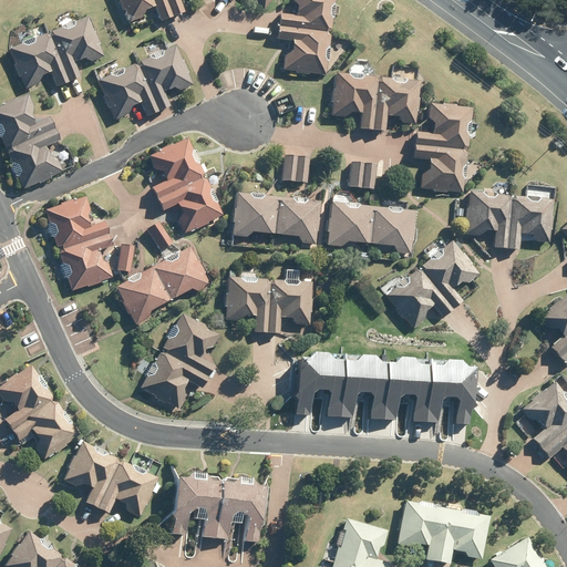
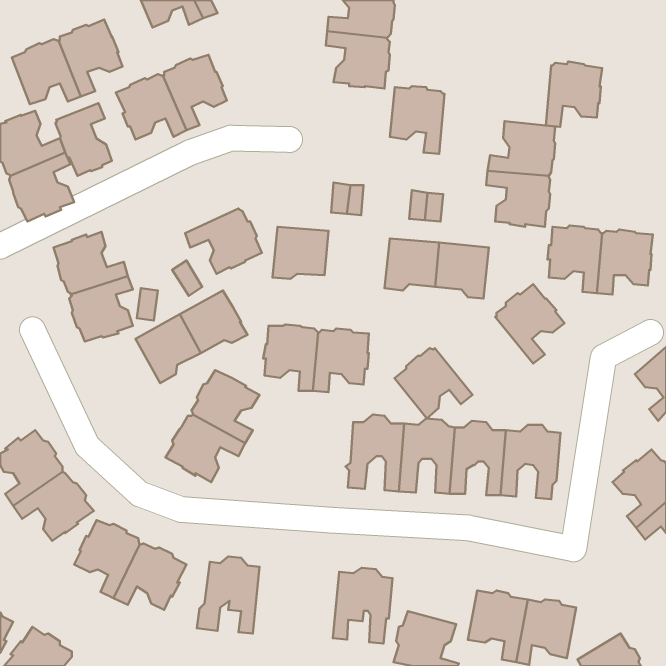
building: [373,76,421,132] -> [546,62,602,127]
building: none -> [55,103,112,176]
building: [148,138,204,198] -> none
building: [276,196,320,244] -> none
building: [386,269,453,329] -> [394,348,473,418]
building: [215,478,266,543] -> [333,568,393,643]

